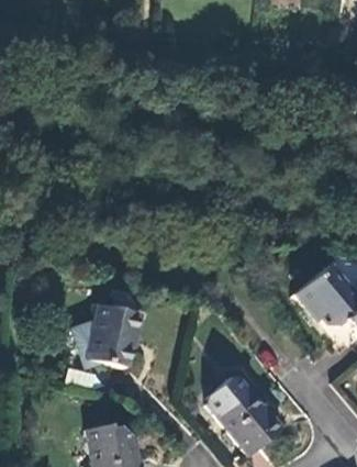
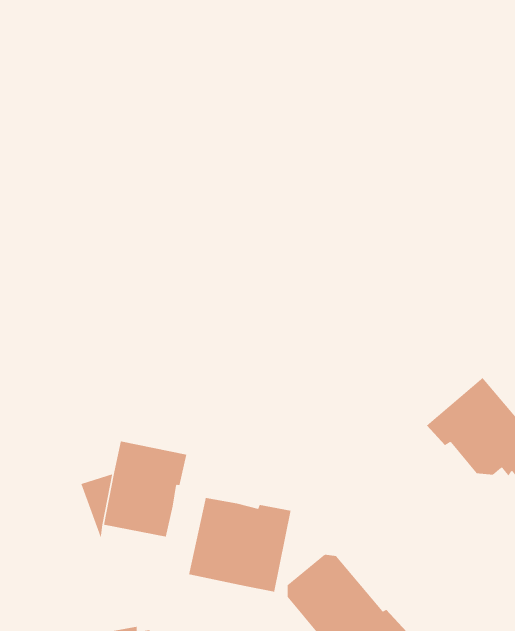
building: none -> [188,497,291,592]

